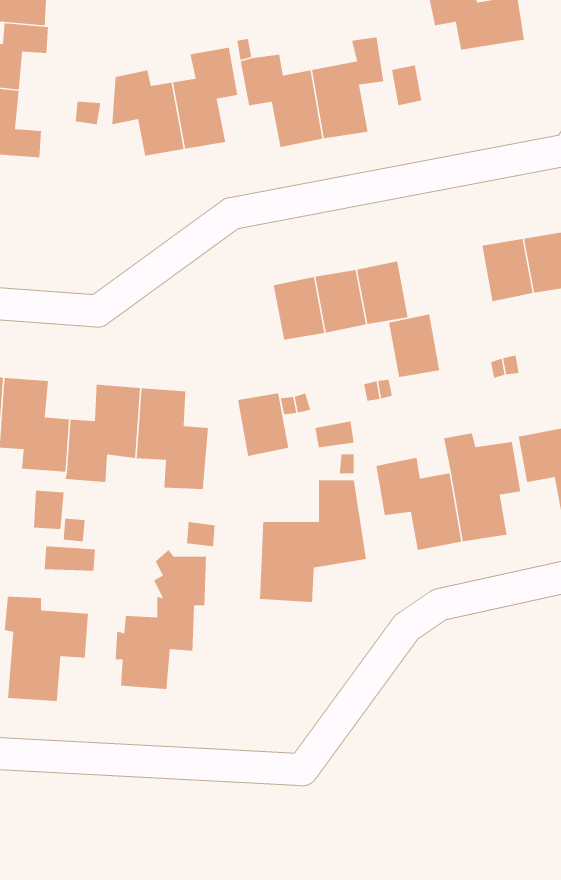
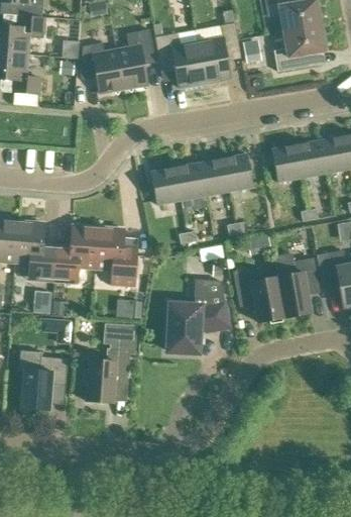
building: none -> [274,25,326,72]
building: [388,313,440,378] -> [271,144,302,182]
building: [237,393,289,457] -> [150,168,181,205]

